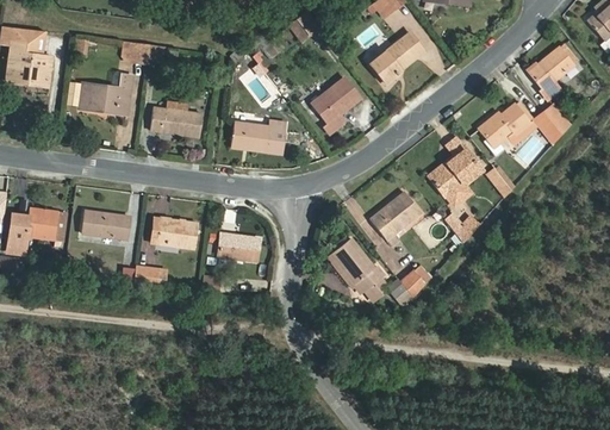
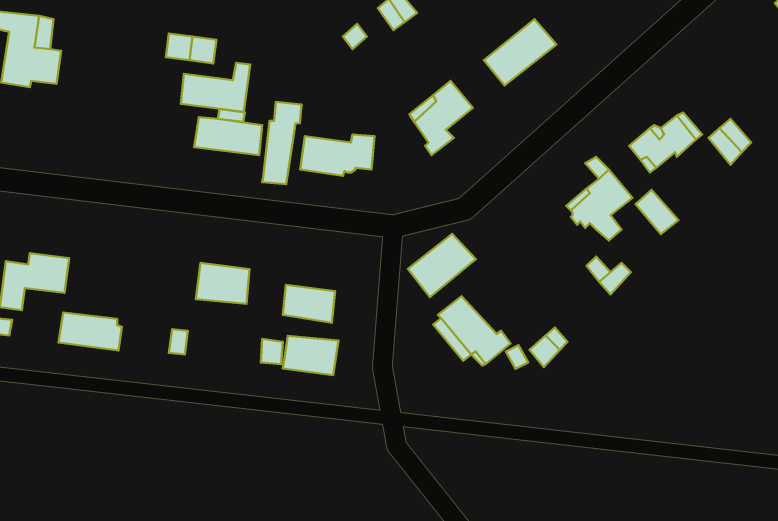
building: [530,50,575,104] -> none
building: [79,76,131,113] -> [181,63,250,112]
building: none -> [262,102,302,184]
building: [369,193,421,241] -> [408,234,476,297]
building: [80,211,127,239] -> [59,313,122,351]
building: none -> [283,336,339,375]

